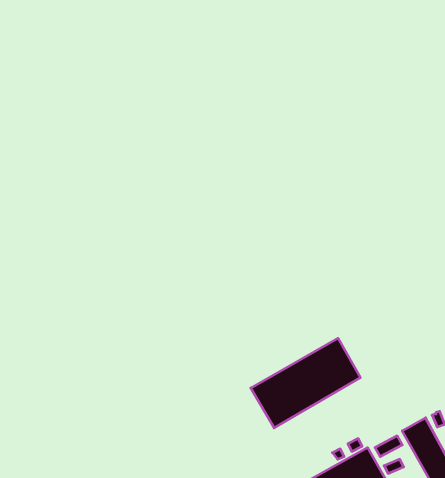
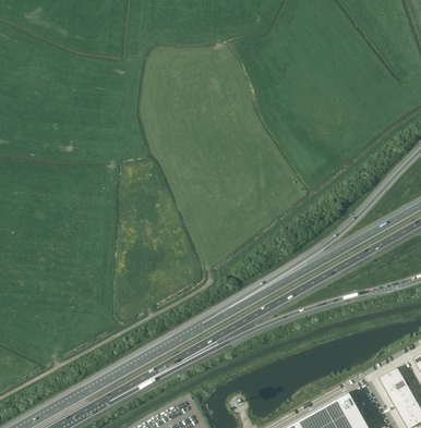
building: [251,338,360,428] -> none

